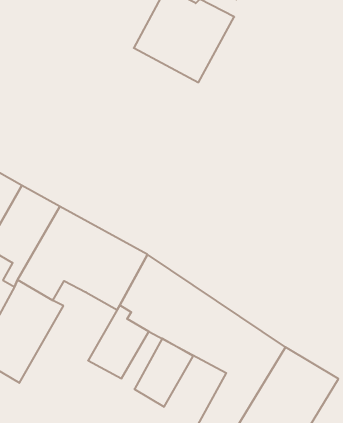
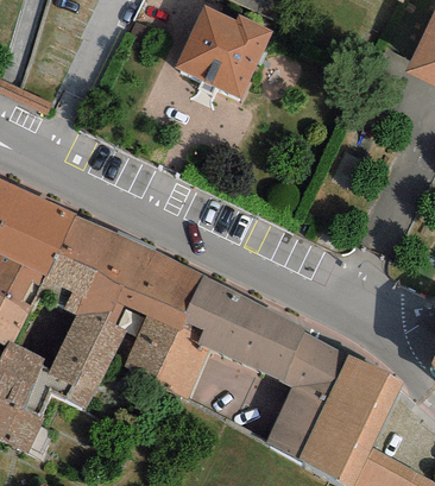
building: [134,338,193,407] -> [121,315,177,383]

